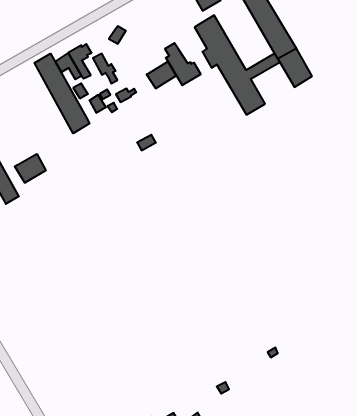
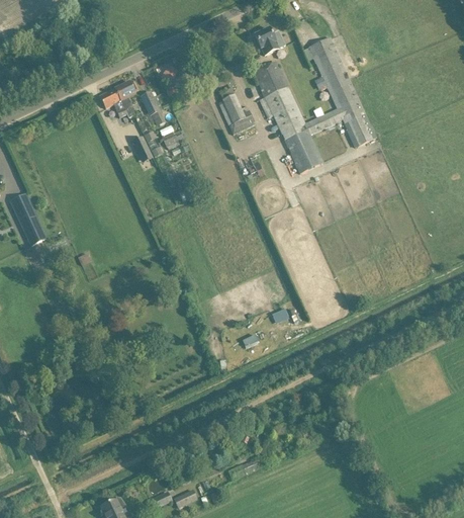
building: [35,54,89,133] -> none
building: [147,61,176,89] -> none
building: [15,154,46,183] -> none

